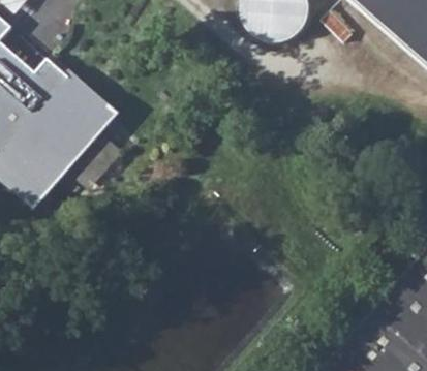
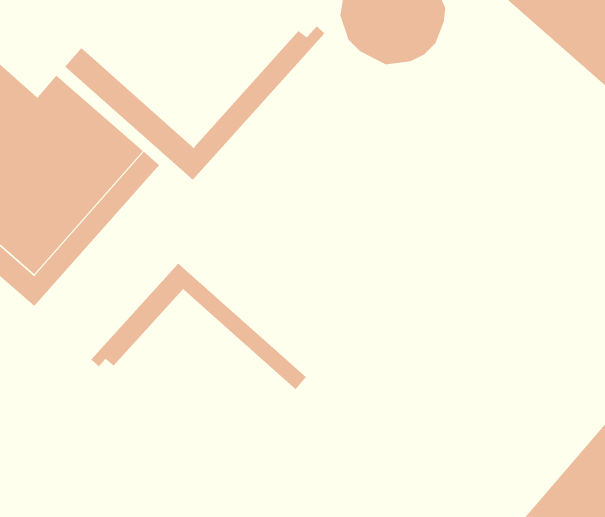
building: none -> [64,26,325,181]
building: none -> [91,263,307,390]

